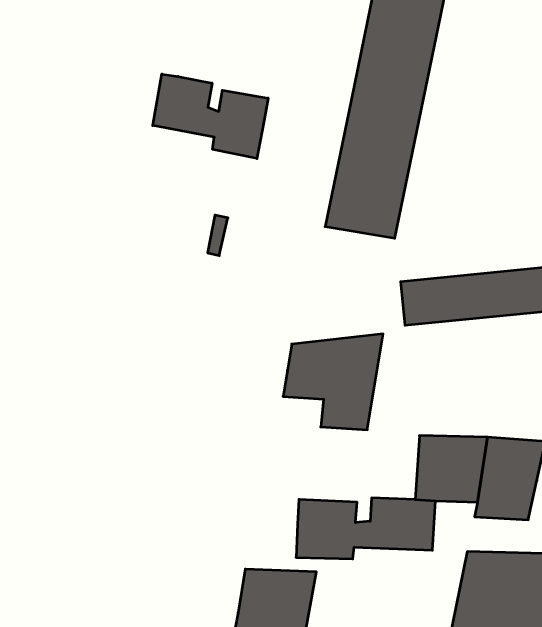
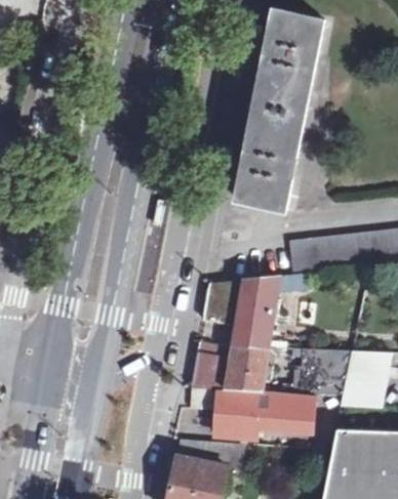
building: [153,74,268,159] -> none
building: none -> [193,341,266,391]

